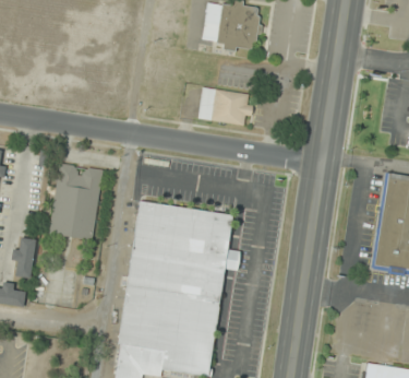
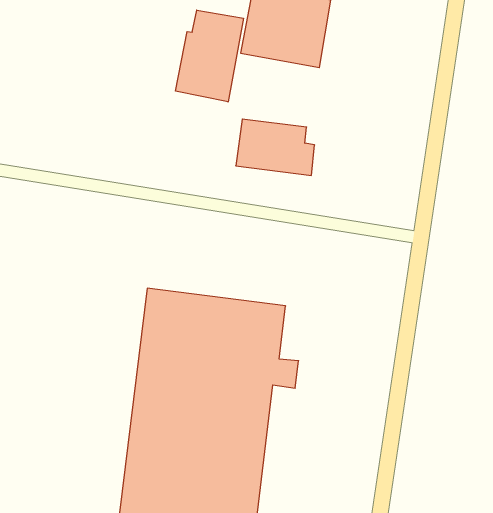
building: none -> [176,10,243,102]
building: [49,164,103,240] -> none

